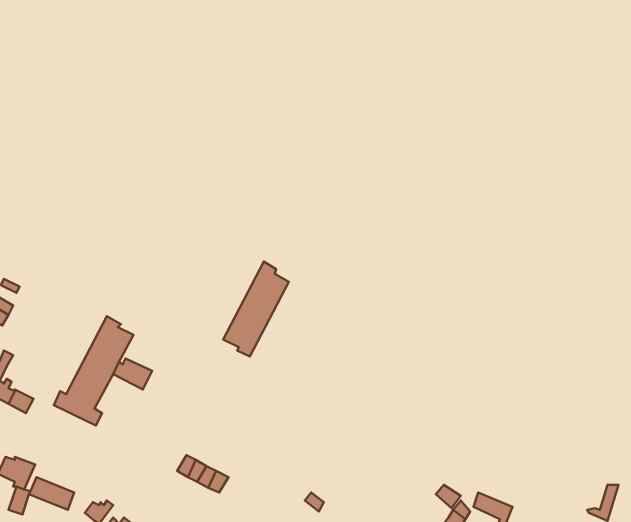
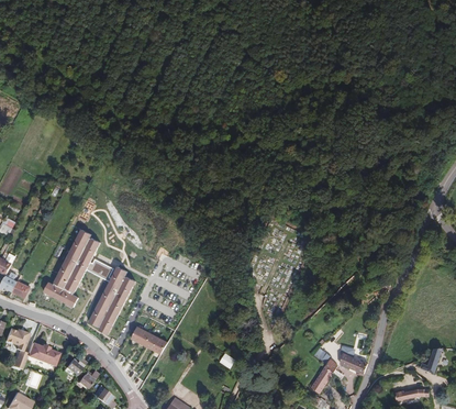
building: [223,261,289,357] -> [89,266,135,333]

